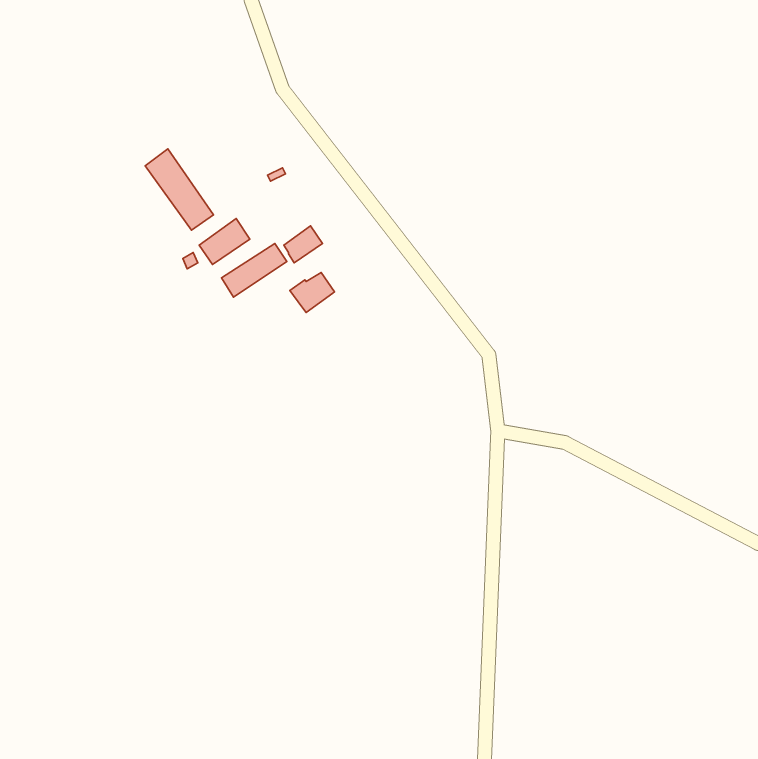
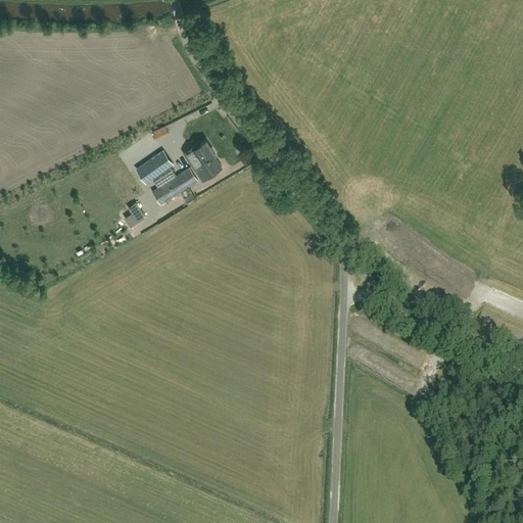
building: [145,149,214,230] -> none
building: [290,273,334,313] -> [184,141,215,169]

